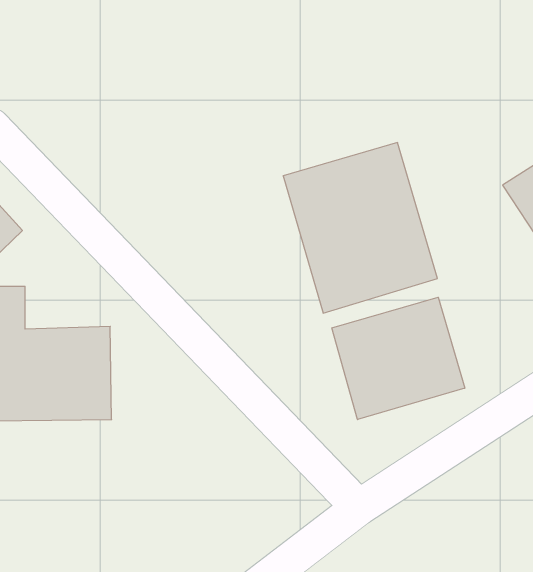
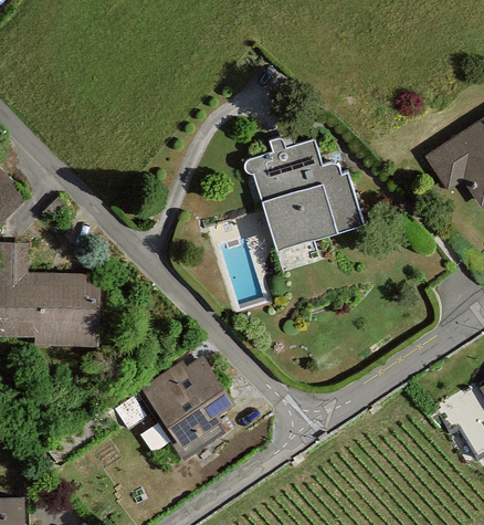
building: [332,297,465,420] -> none
building: none -> [140,350,248,459]

